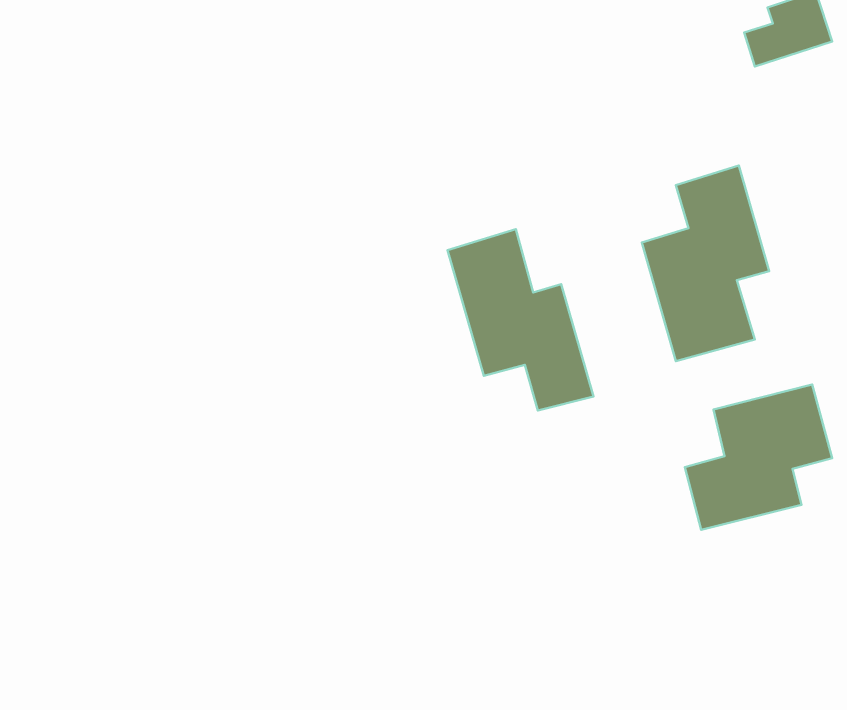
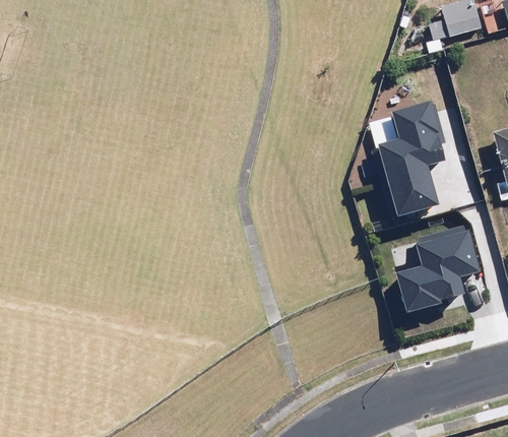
building: [448,229,593,411] -> none

